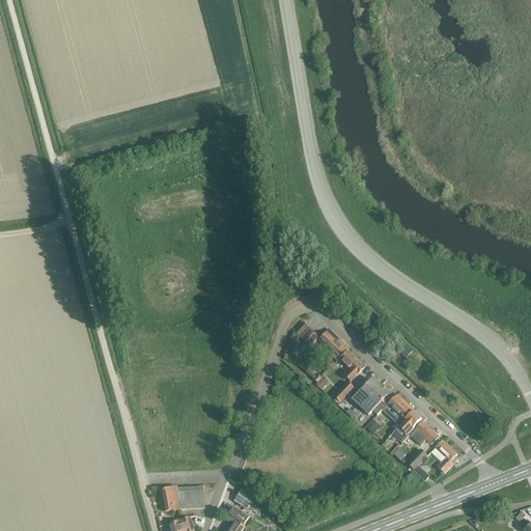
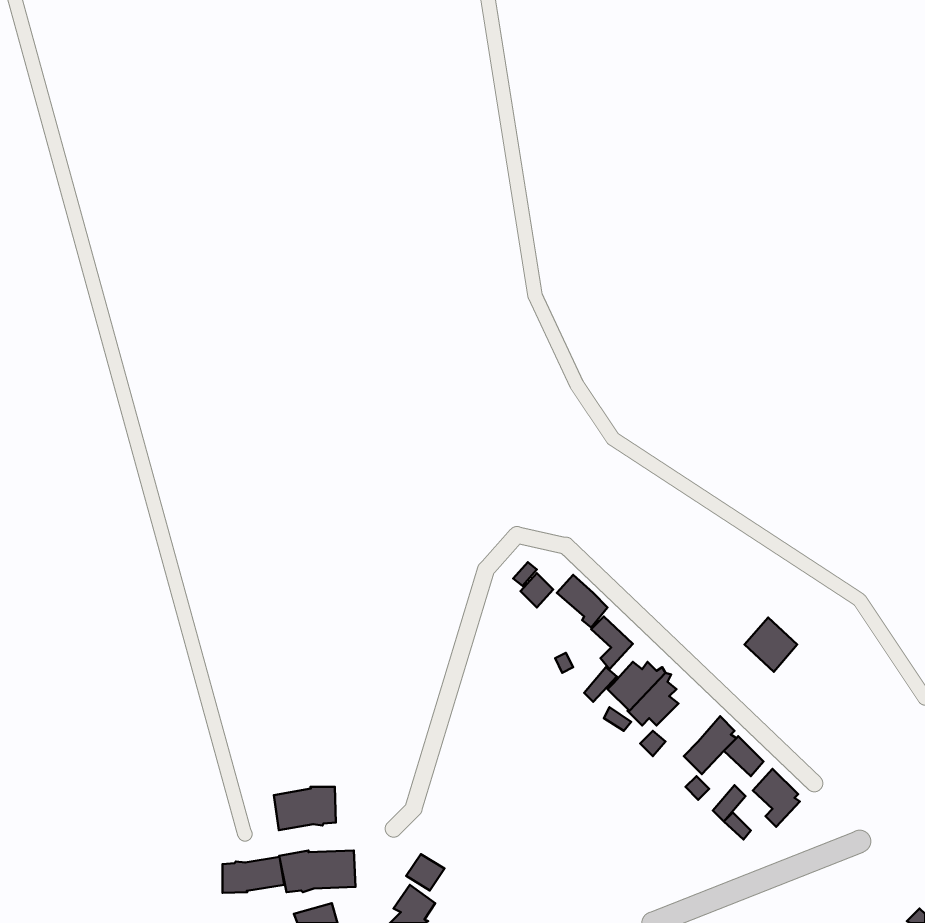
building: [383,393,413,424] -> [745,617,797,672]
building: none -> [274,787,336,830]
building: none -> [222,857,284,893]

